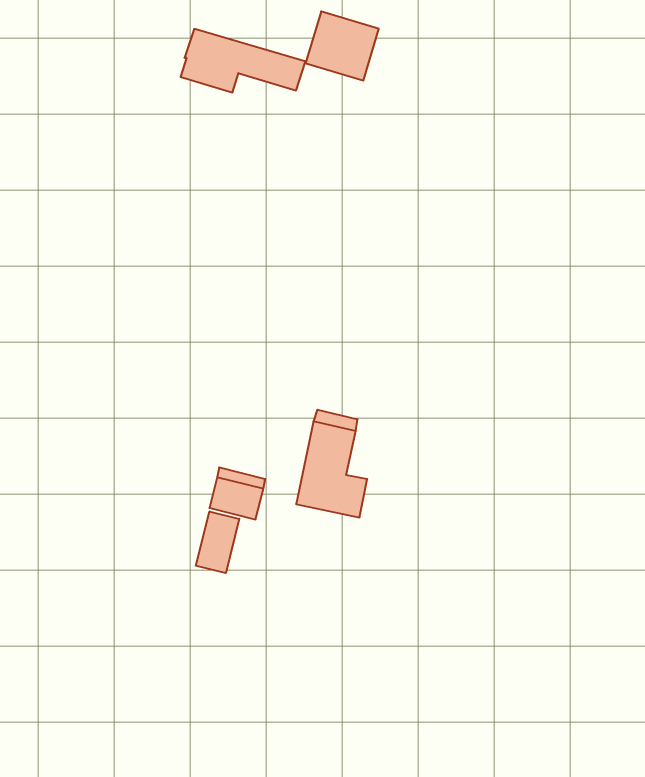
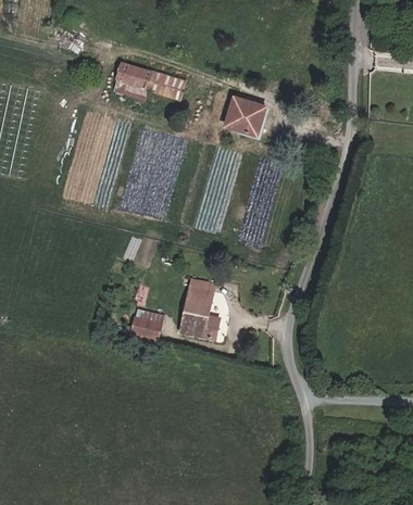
building: [306,11,379,81] -> [225,97,266,136]
building: [196,511,239,573] -> none

